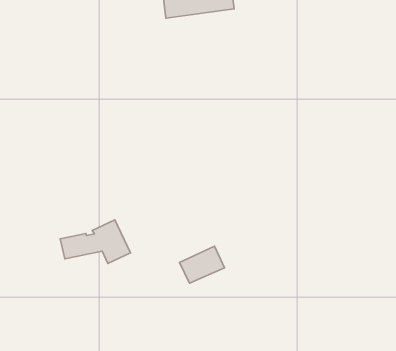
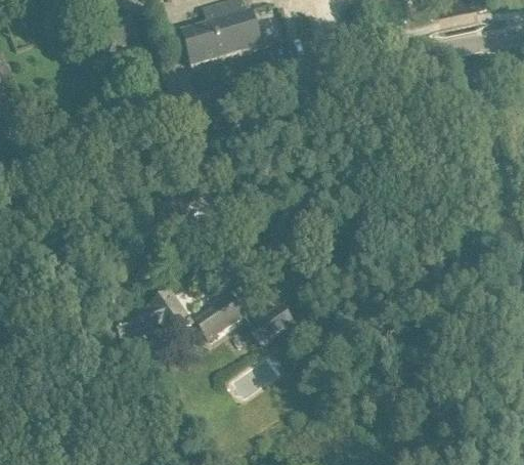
building: none -> [198,295,246,338]

